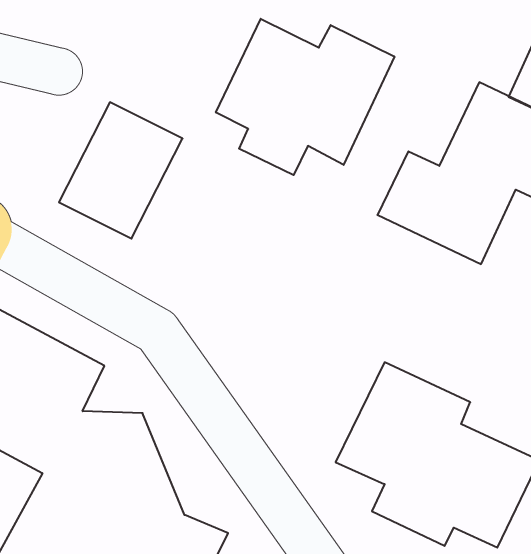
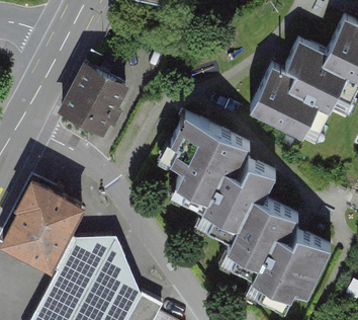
building: [216,19,394,175] -> none
building: none -> [156,118,262,242]

